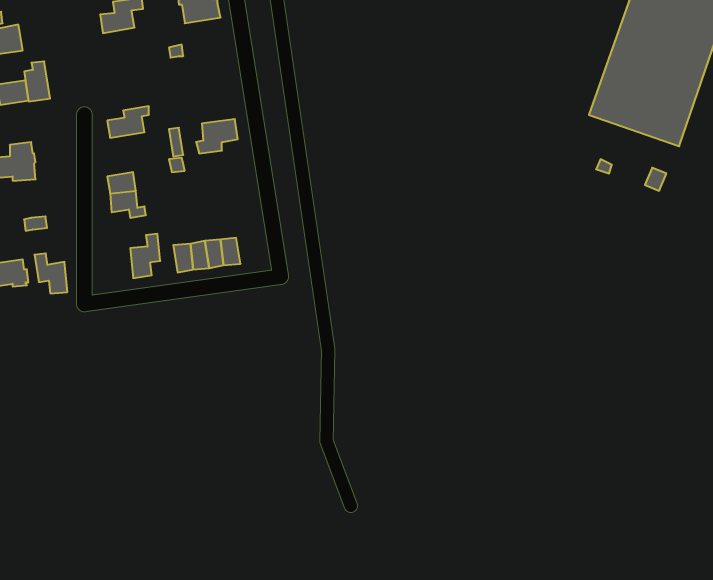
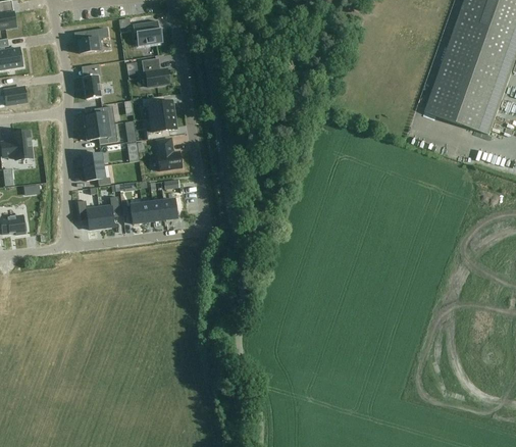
building: none -> [142,58,169,86]
building: [24,61,50,101] -> [83,69,101,98]
building: none -> [142,96,173,117]
building: none -> [85,123,117,144]
building: none -> [156,138,182,170]
building: [34,253,67,293] -> [78,200,101,229]

